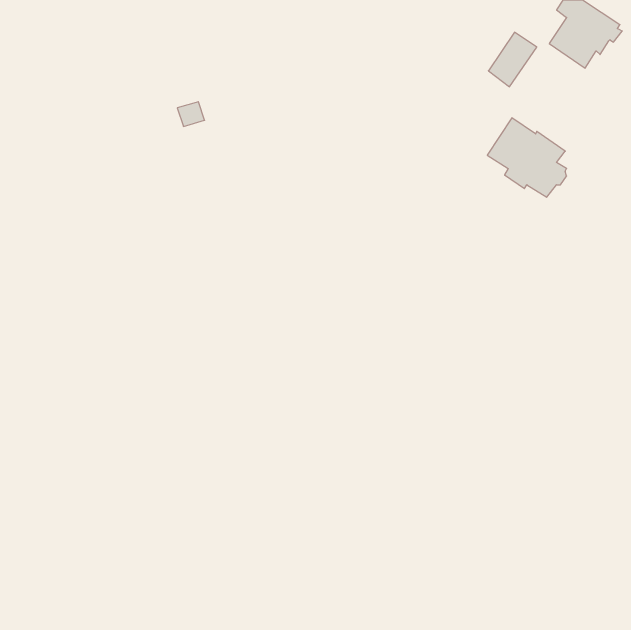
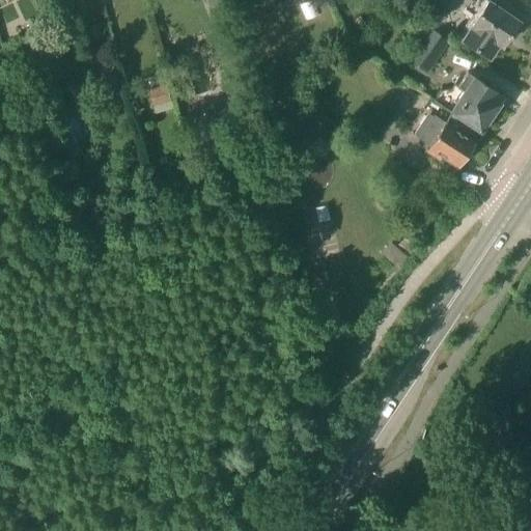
building: none -> [437,75,505,135]

